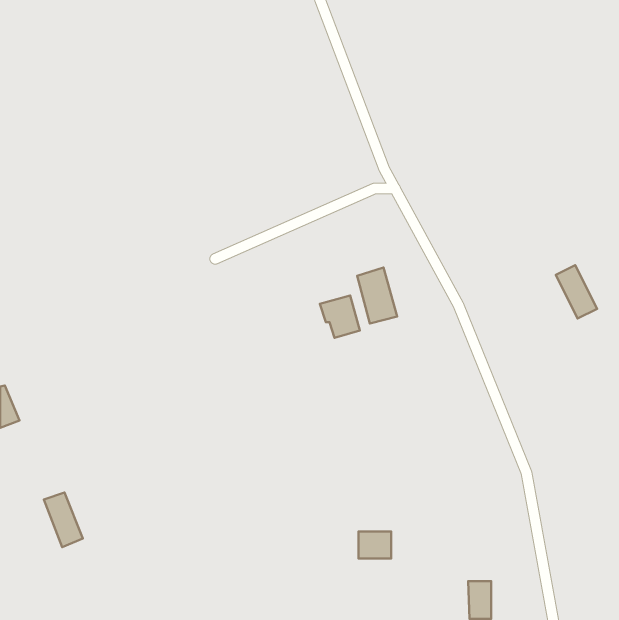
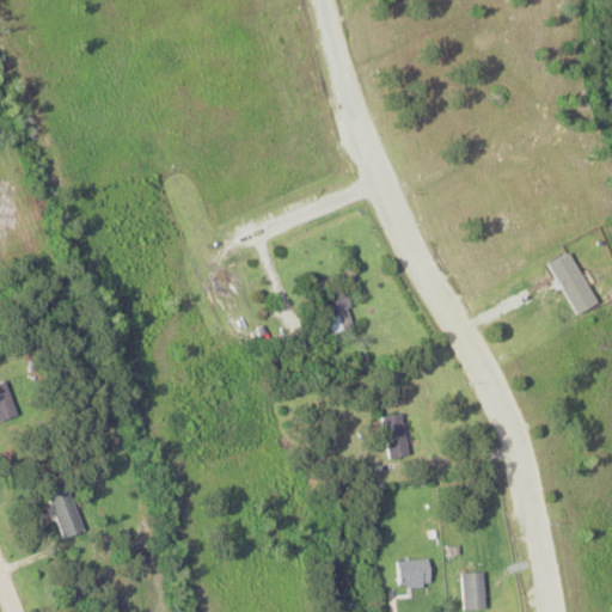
building: [357,268,397,323] -> none
building: none -> [384,412,409,457]
building: [358,532,391,558] -> [398,559,430,586]

